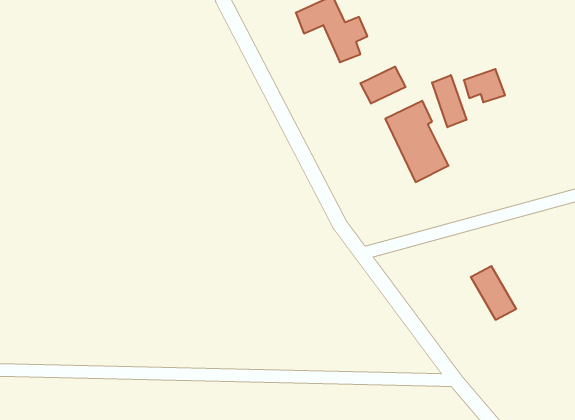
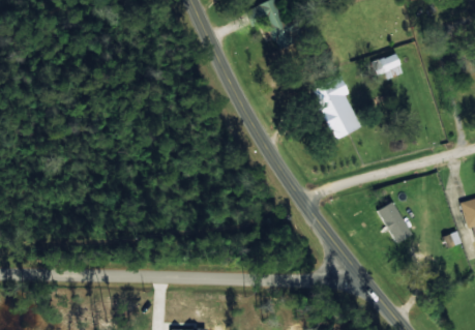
building: [360,67,406,104] -> none
building: [432,75,466,127] -> none

